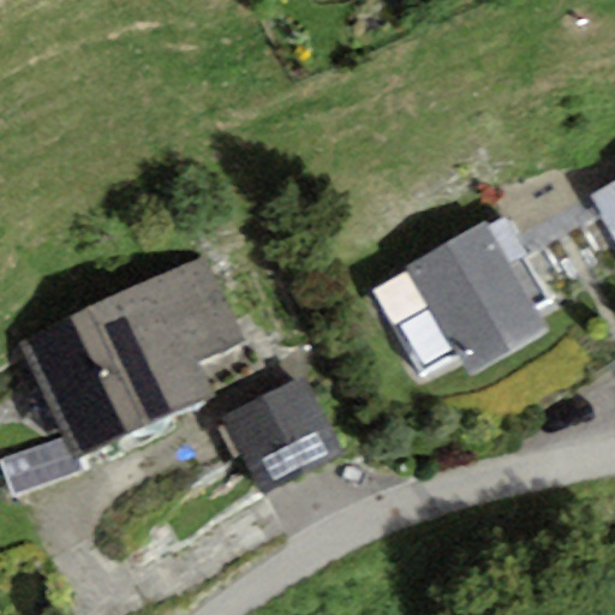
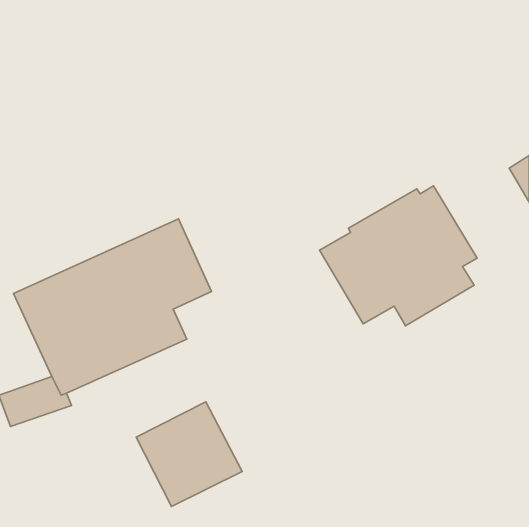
building: [222,375,345,496] -> [136,402,242,507]

